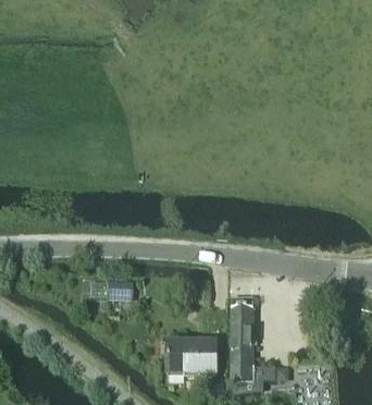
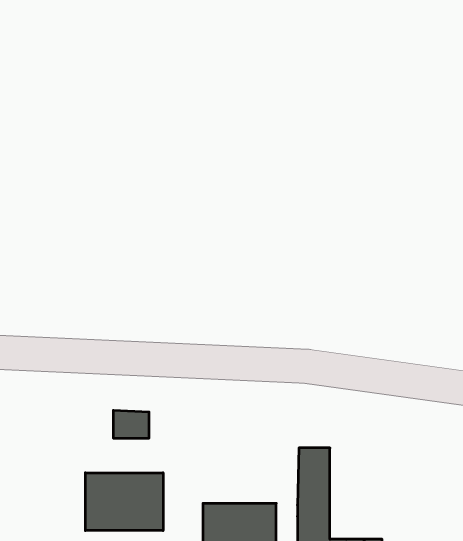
building: none -> [85,473,163,531]

